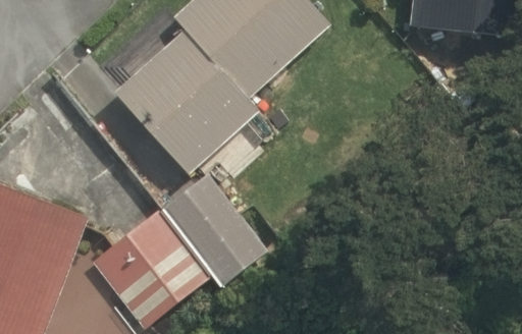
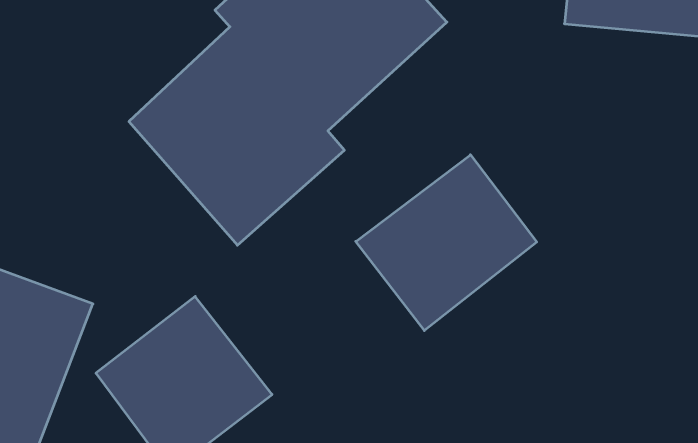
building: none -> [356,155,537,331]
building: [159,172,267,287] -> none

